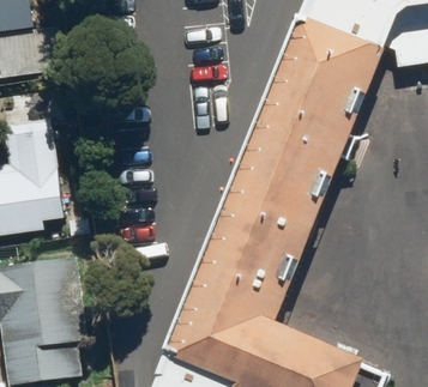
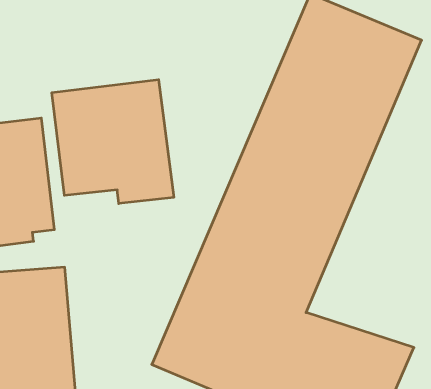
building: none -> [52,80,174,204]

